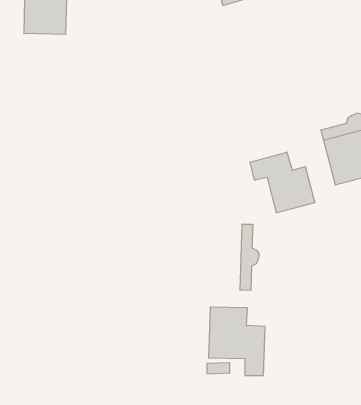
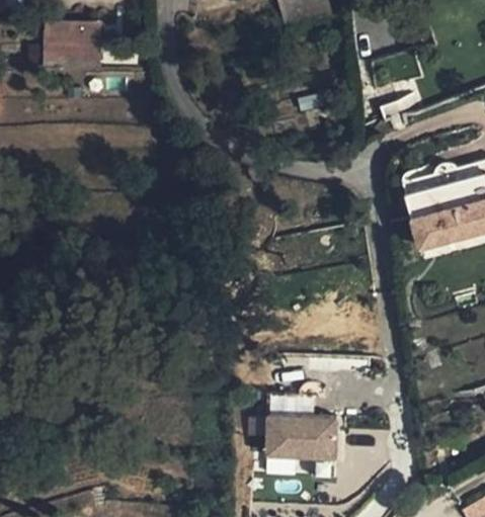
building: [250,152,315,213] -> none
building: [240,224,259,290] -> none

